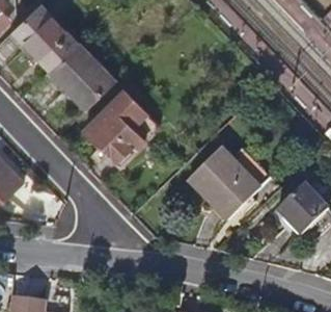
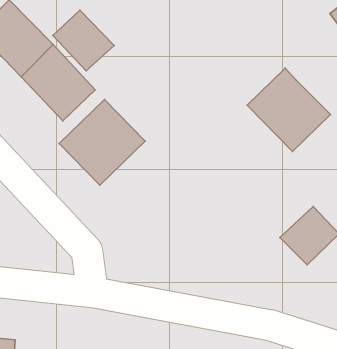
building: none -> [53,10,114,71]
building: [188,147,260,219] -> [247,68,331,151]

